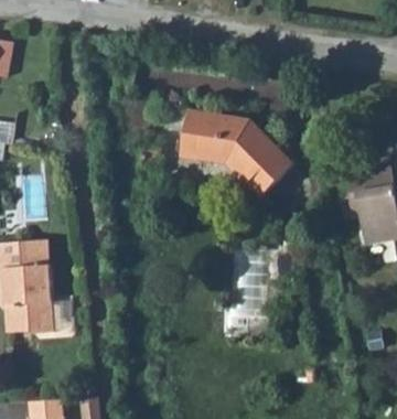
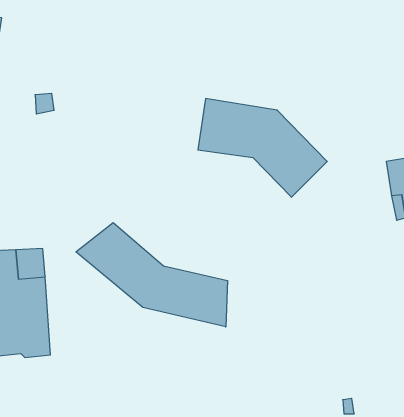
building: none -> [76,223,228,327]

